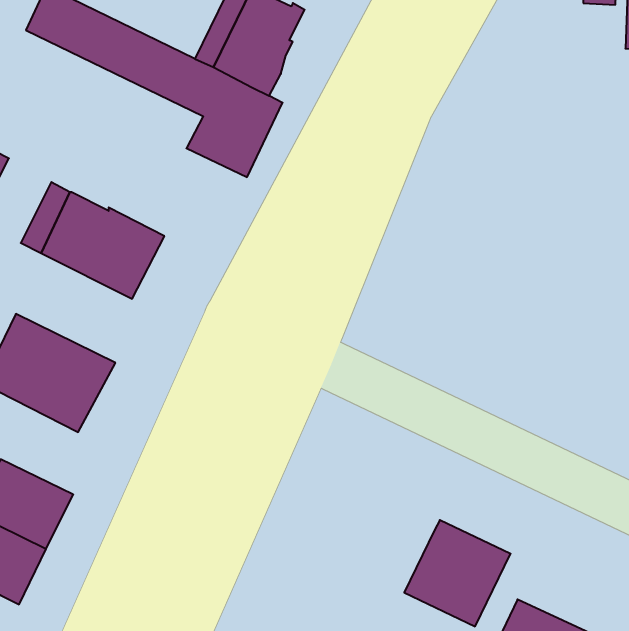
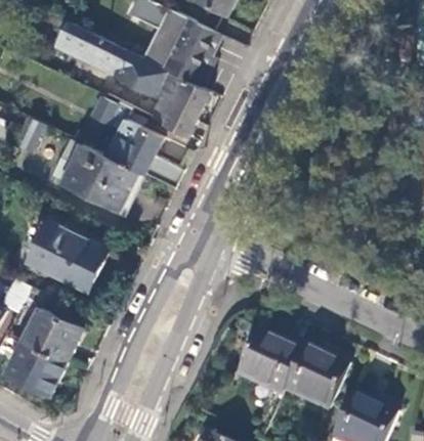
building: none -> [91,98,184,189]
building: none -> [237,330,302,397]

